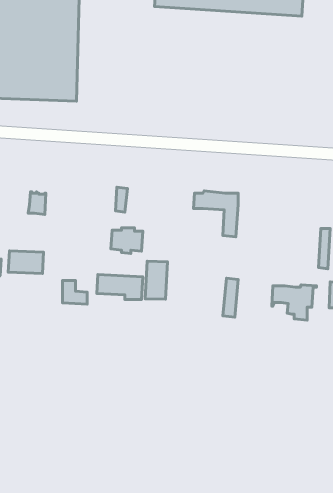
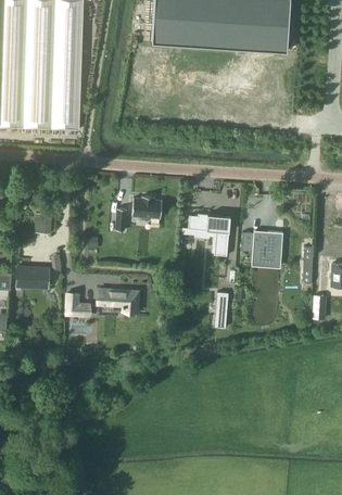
building: [111,228,143,254] -> [131,196,161,220]
building: [145,261,167,299] -> none
building: [272,285,317,320] -> [241,231,282,264]

